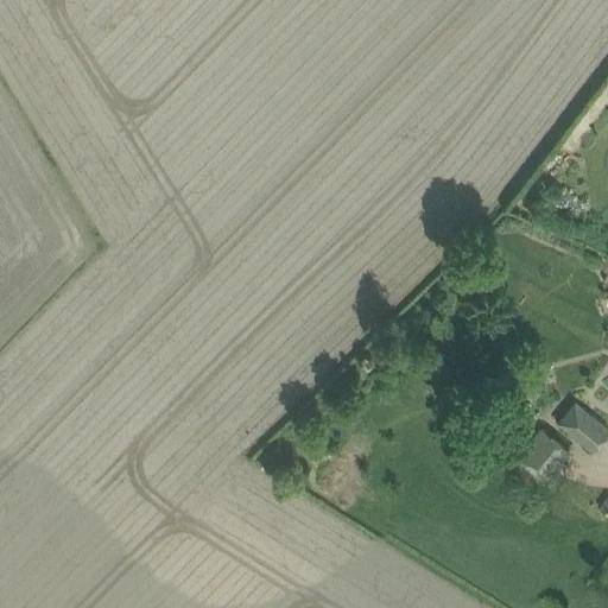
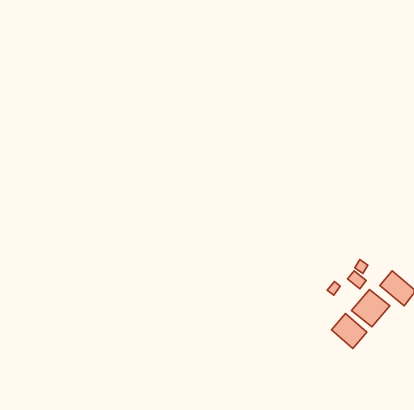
building: none -> [332,313,367,348]

